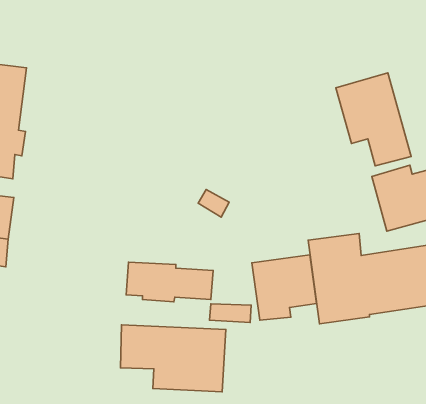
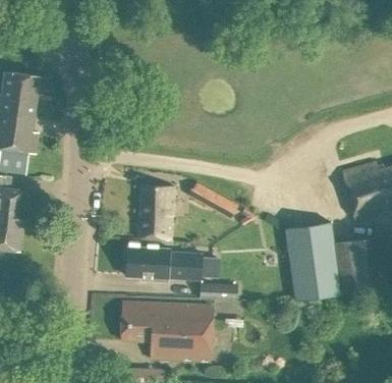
building: [336,73,411,166] -> none
building: none -> [137,184,174,241]
building: [252,255,317,320] -> none

